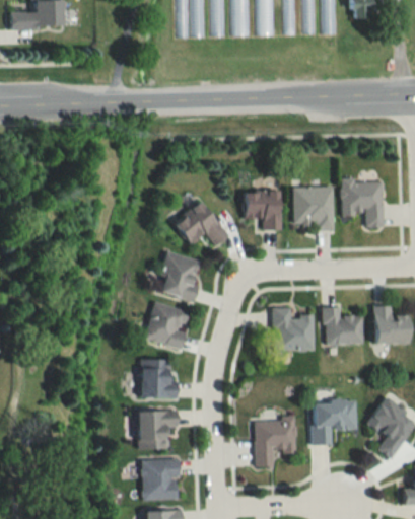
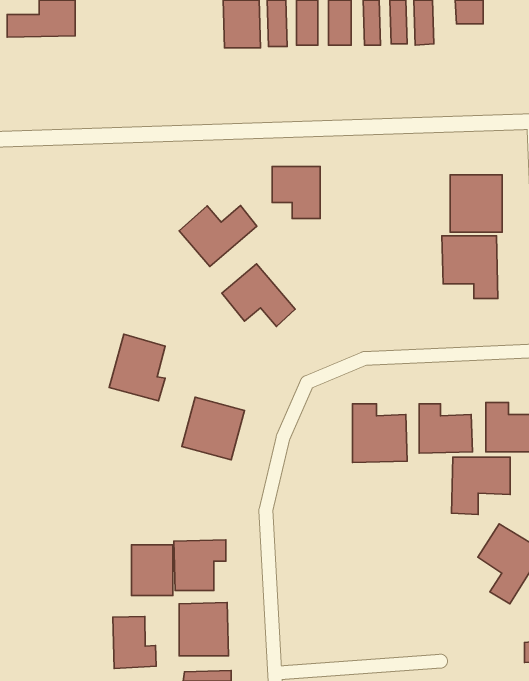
building: none -> [179,206,257,266]
building: [294,186,334,229] -> [450,175,502,232]
building: [245,191,281,230] -> [272,167,320,219]
building: [157,251,200,302] -> [109,334,165,401]
building: [142,360,174,398] -> [132,545,173,595]
building: [313,401,357,445] -> [451,457,510,515]
building: [254,419,296,467] -> none
building: none -> [113,617,156,668]

